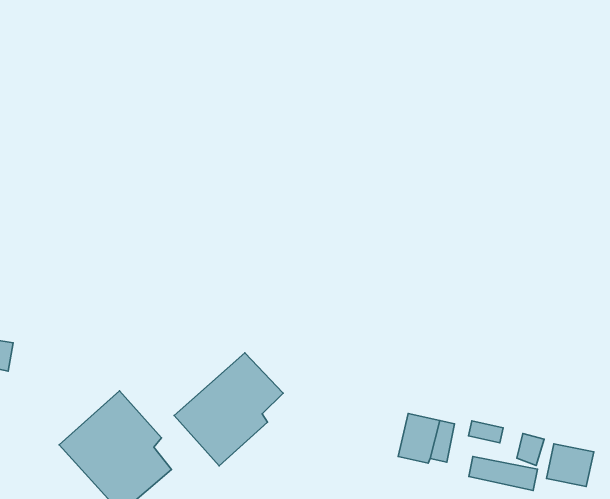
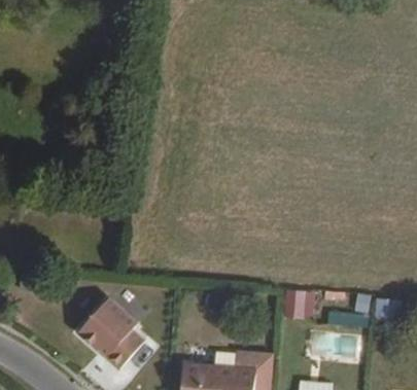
building: [174,353,283,466] -> none

